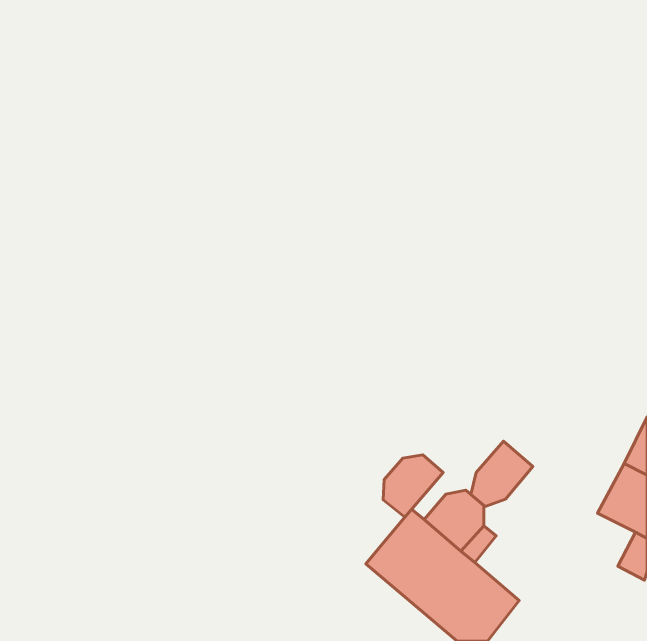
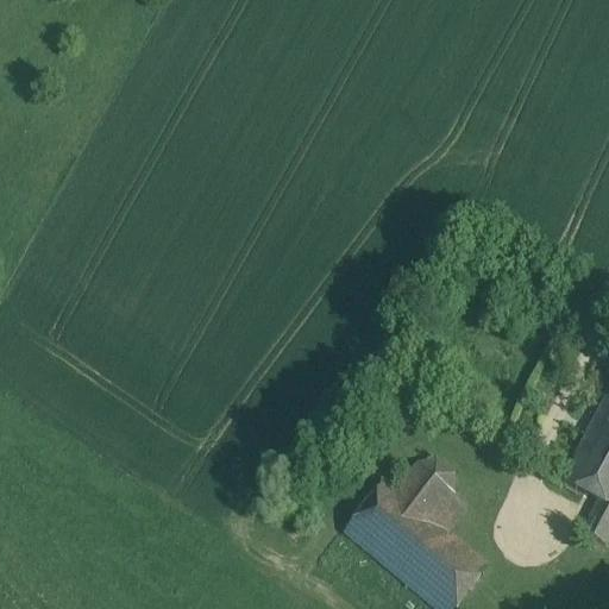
building: [471,441,533,507] -> none
building: [383,455,443,517] -> none

